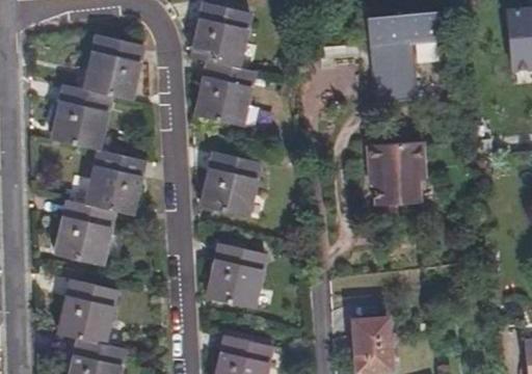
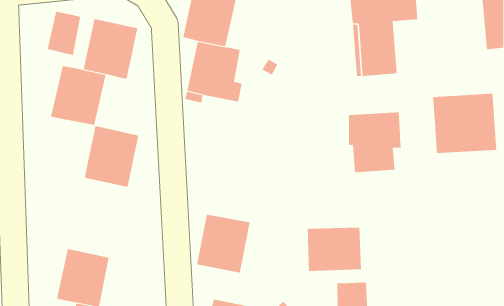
building: none -> [47,11,81,56]
building: none -> [432,93,497,154]
building: [203,151,263,218] -> none
building: [59,202,117,266] -> none
building: none -> [307,227,362,272]

